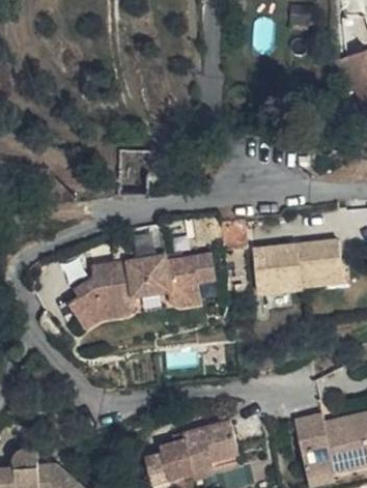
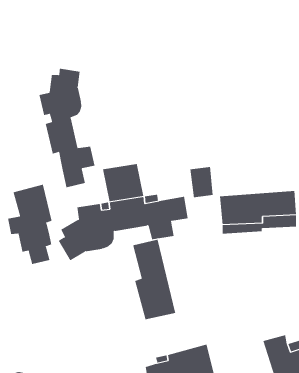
building: none -> [39,68,95,188]
building: none -> [7,184,52,265]
building: none -> [132,239,176,320]

